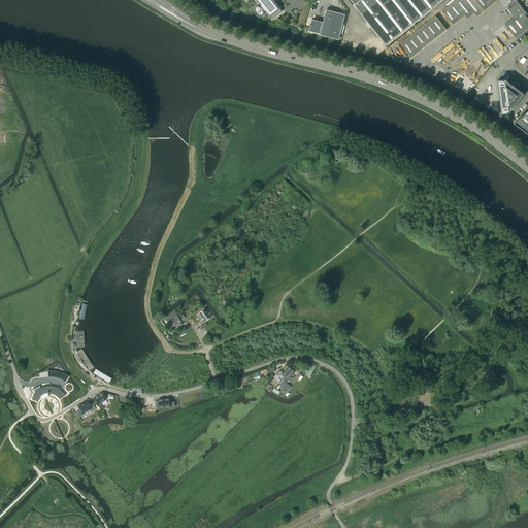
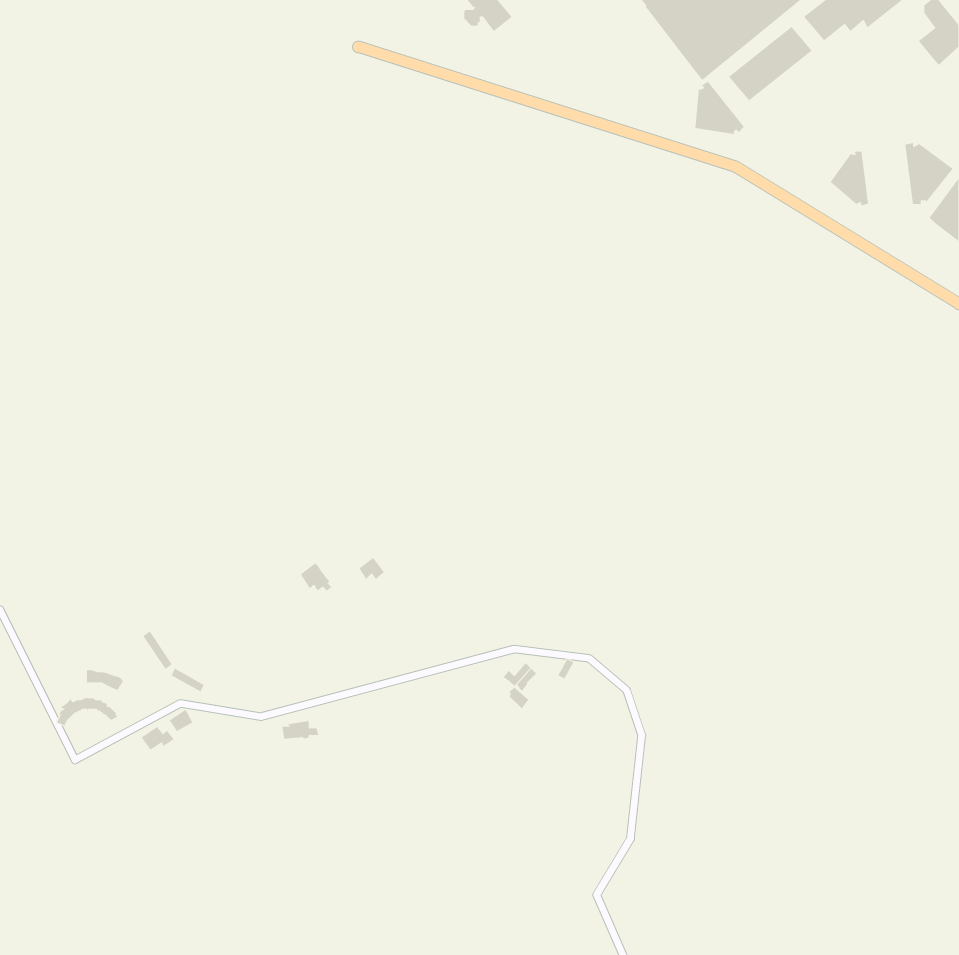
building: [308,8,345,38] -> none
building: none -> [695,81,744,135]
building: none -> [830,151,868,207]

